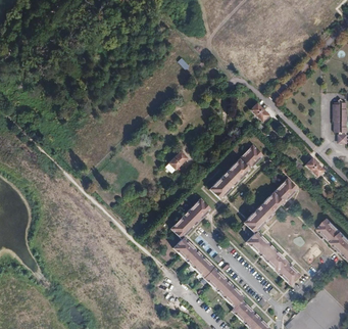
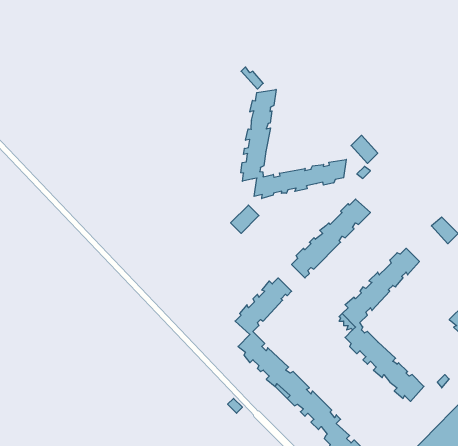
building: none -> [241,89,346,199]

